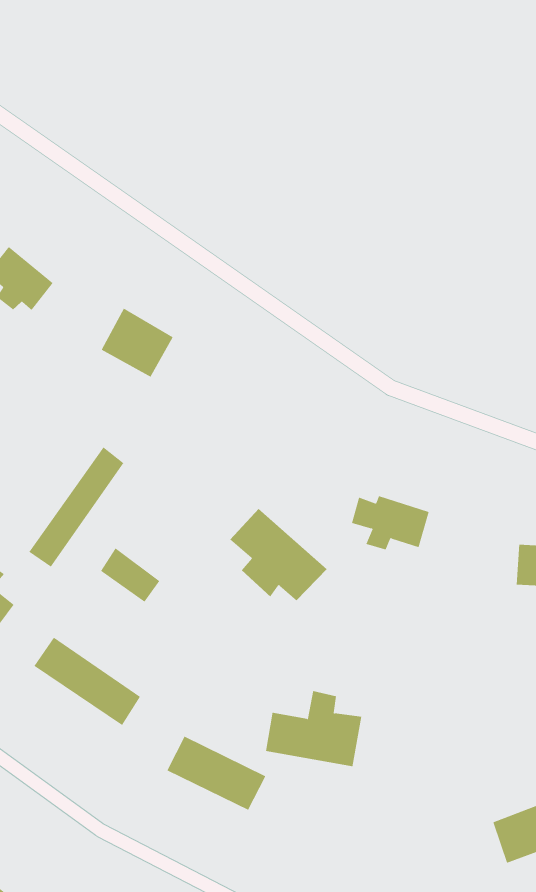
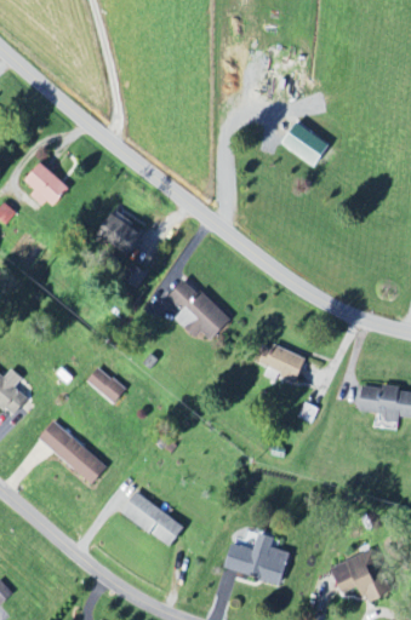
building: none -> [280,122,329,166]
building: [28,446,124,568] -> none
building: [229,508,327,601] -> [167,277,230,340]
building: [265,691,362,767] -> [223,532,289,584]

